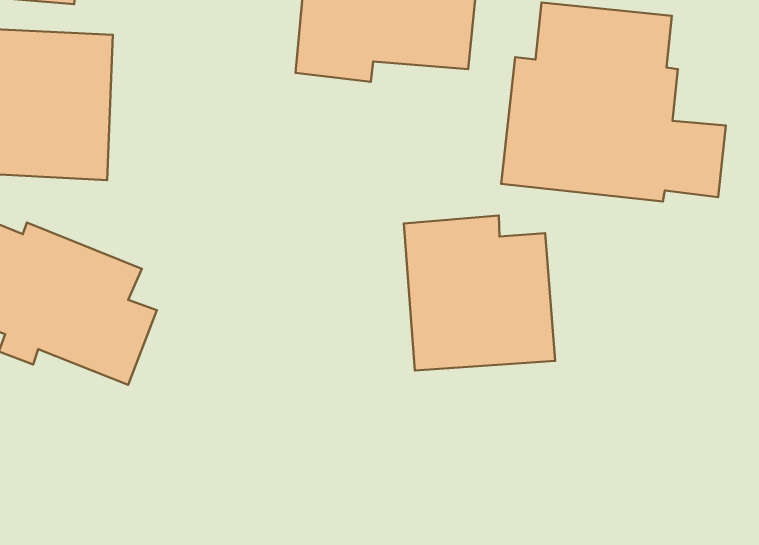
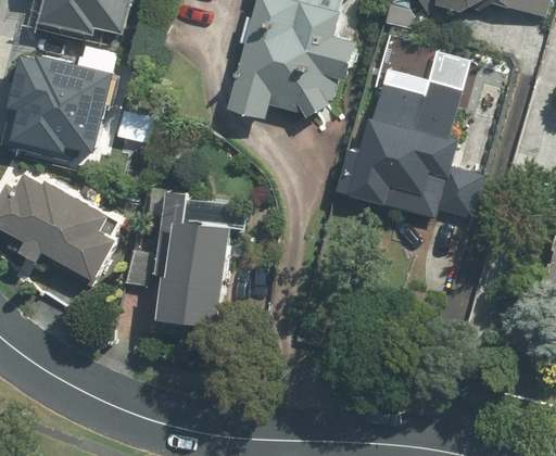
building: [404,216,555,370] -> none
building: none -> [123,191,229,342]

